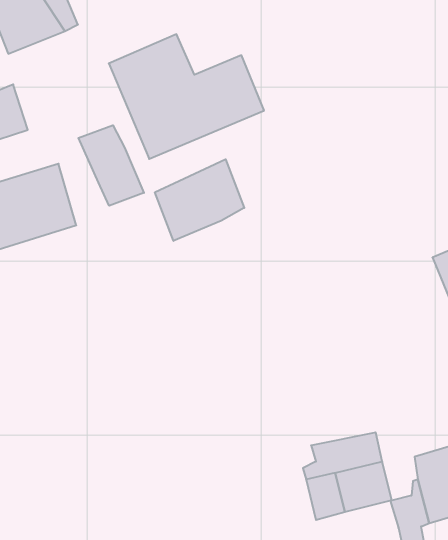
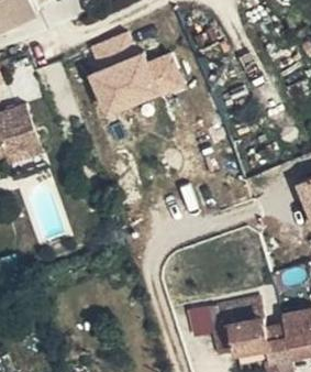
building: [78,125,144,206] -> none
building: [155,159,244,241] -> none

